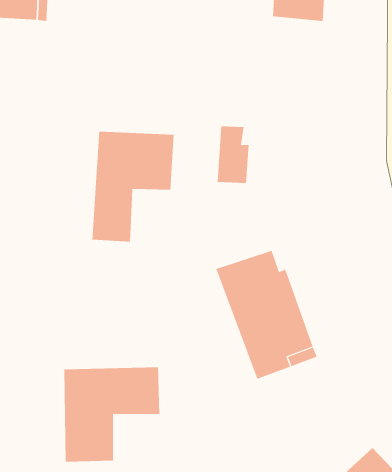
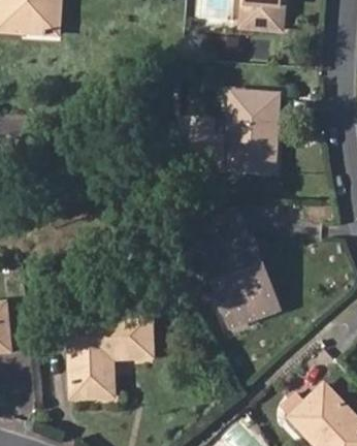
building: none -> [229,93,282,169]
building: [92,131,174,243] -> none

